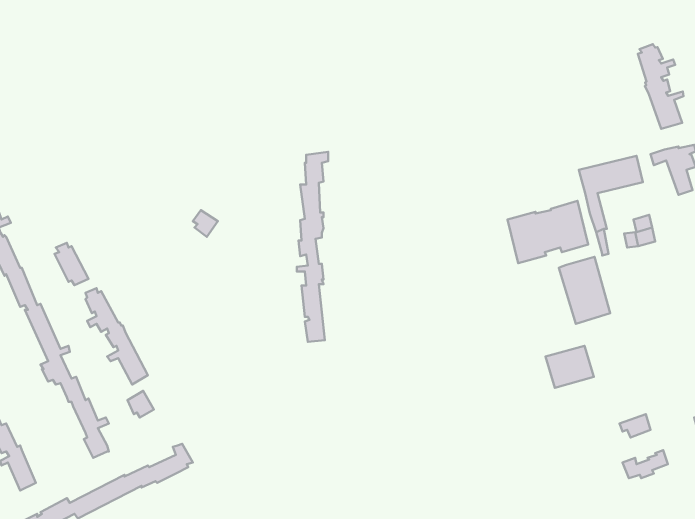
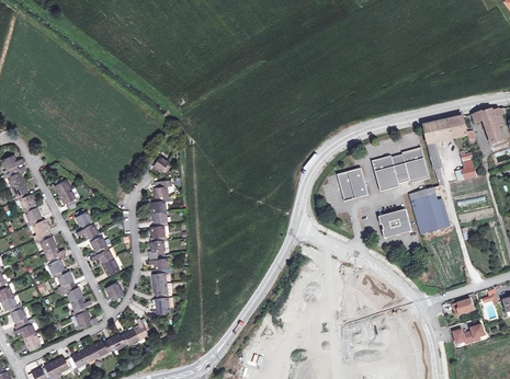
building: [638,44,684,129] -> none
building: [297,152,328,342] -> [148,179,170,312]
building: none -> [337,166,369,199]
building: [545,346,594,388] -> [377,208,411,238]

